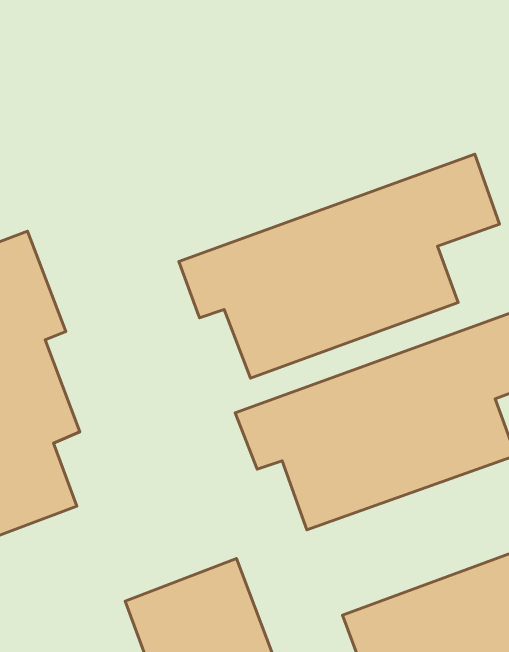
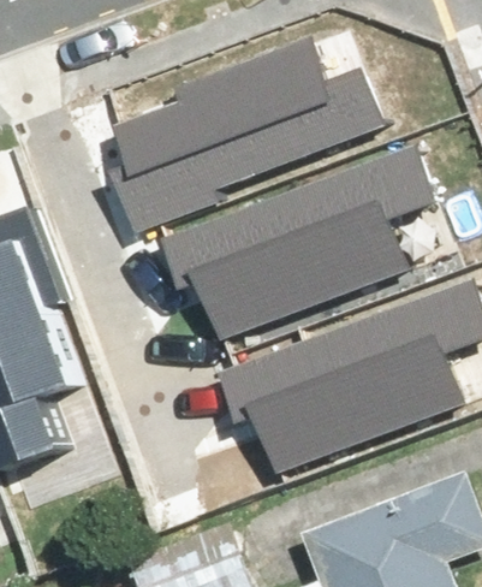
building: none -> [115,46,379,186]

